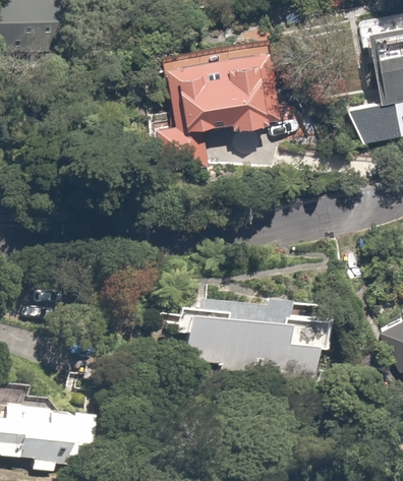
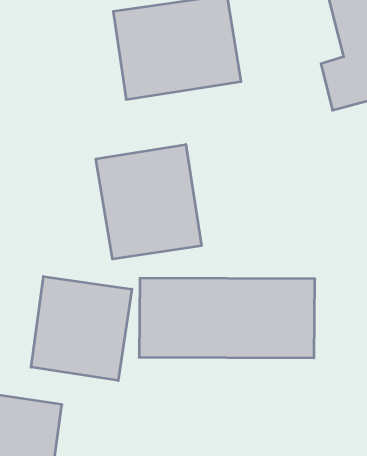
building: none -> [96,144,201,259]
building: none -> [31,276,132,381]

